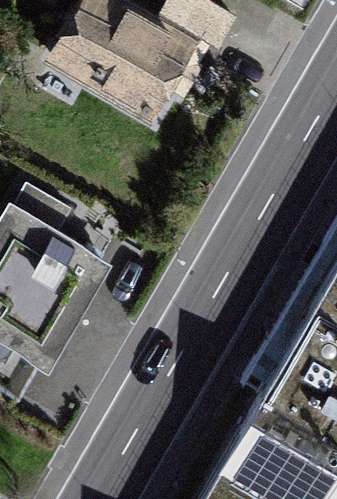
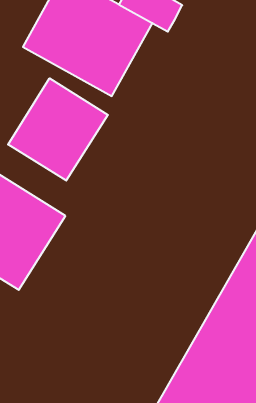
building: none -> [8,78,108,181]

